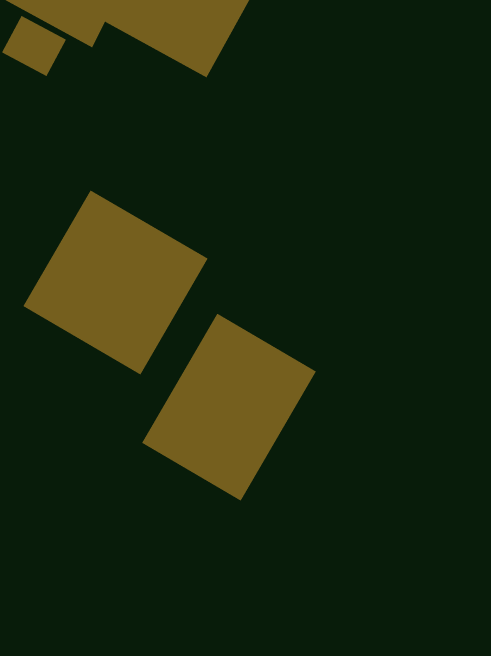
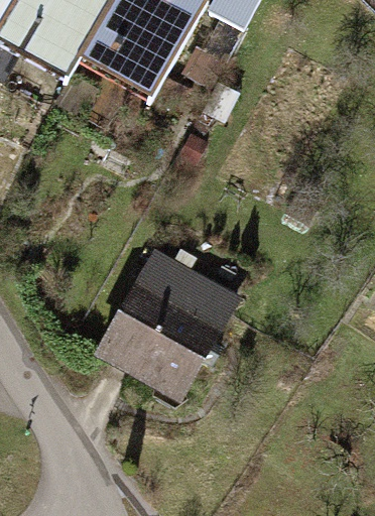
building: [23,189,208,375] -> none

